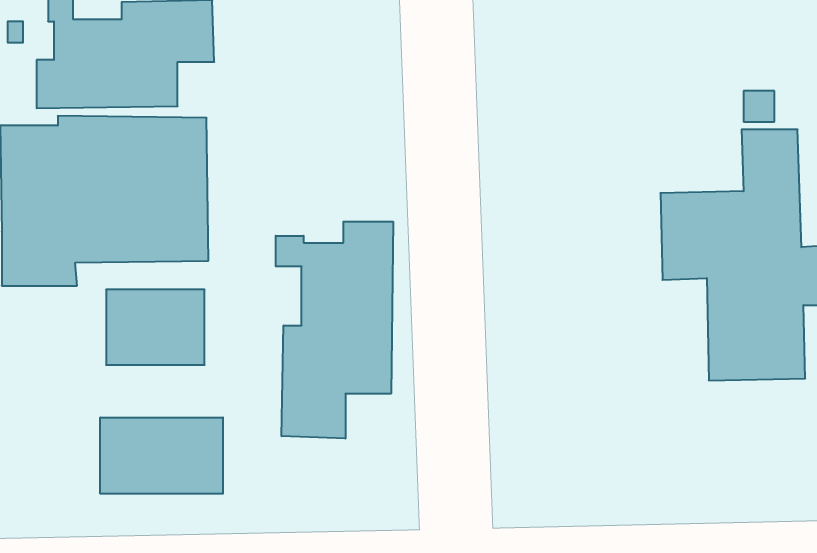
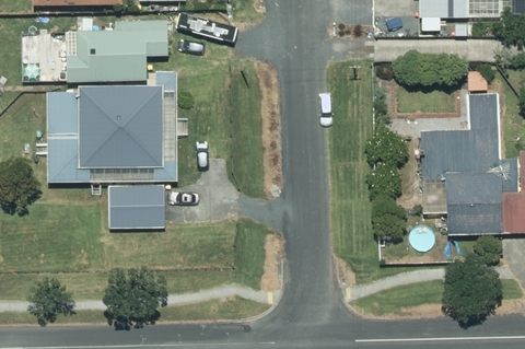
building: [276,222,393,439] -> none
building: [100,417,223,494] -> none

